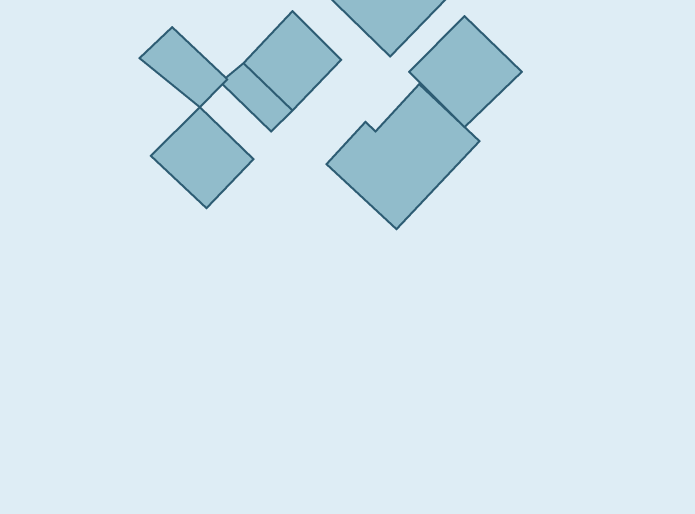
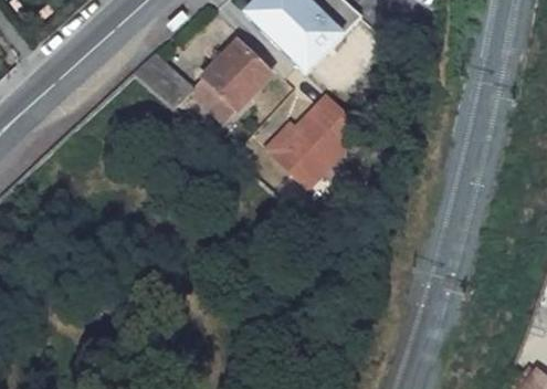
building: [409,16,522,127] -> none
building: [151,107,254,208] -> none

